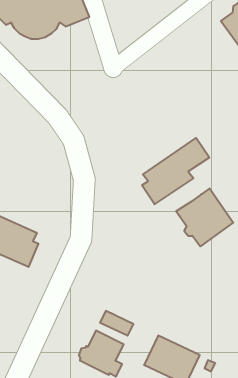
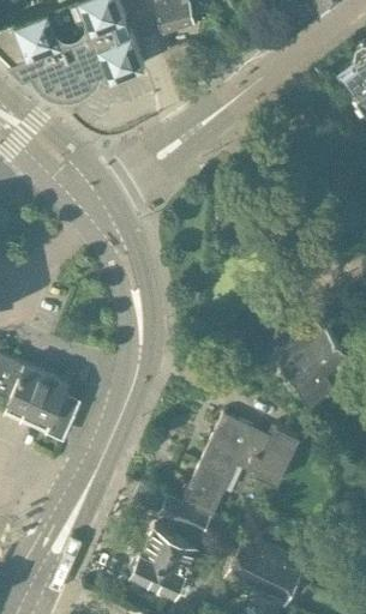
building: [142,138,209,204] -> none
building: none -> [181,415,299,517]

